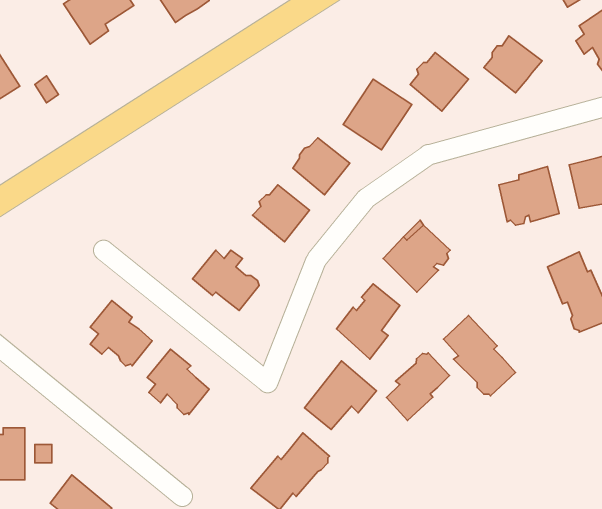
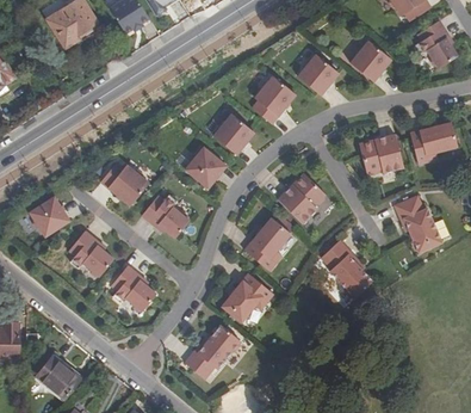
building: none -> [98,162,145,206]
building: none -> [26,196,68,236]
building: [386,353,449,420] -> none

